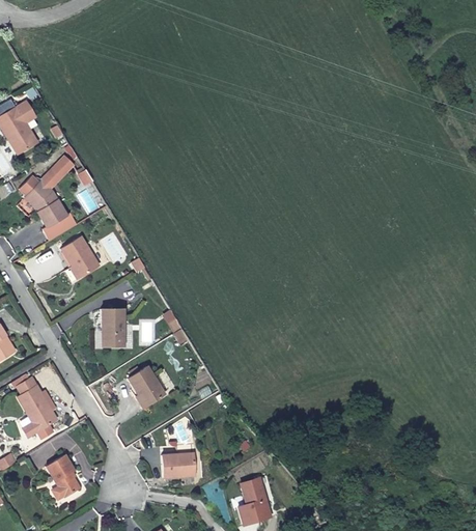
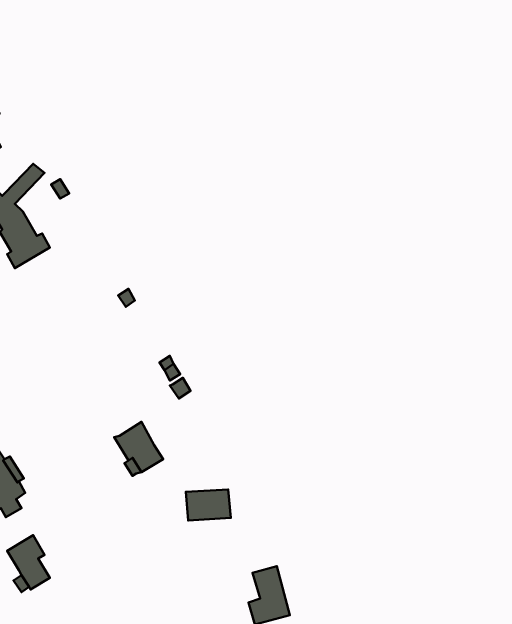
building: [60,235,99,278] -> none
building: [101,308,123,346] -> none
building: [162,452,198,477] -> [186,489,231,520]

